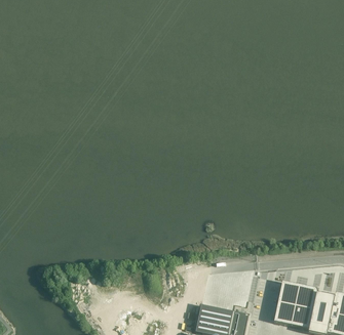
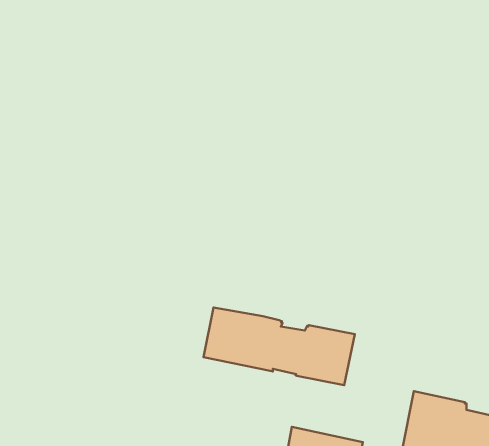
building: none -> [203,307,355,385]

